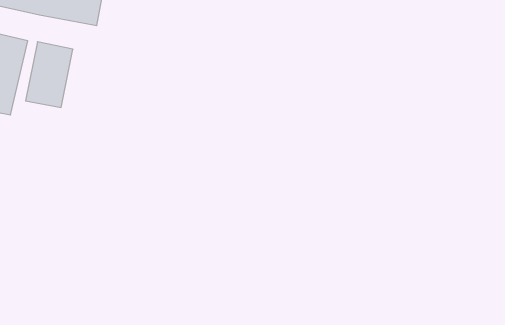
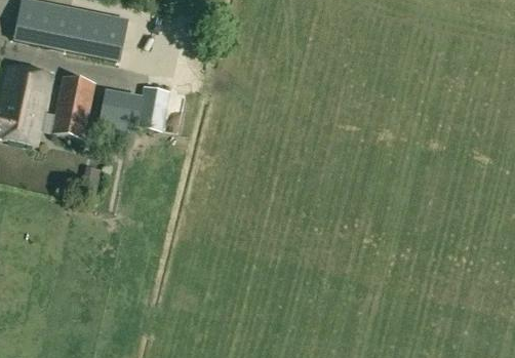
building: none -> [95,84,168,142]

